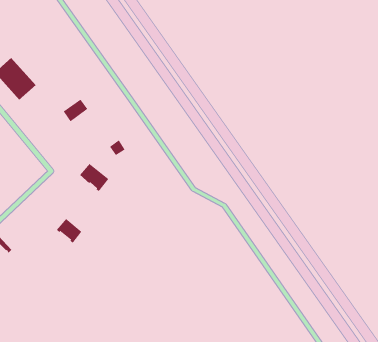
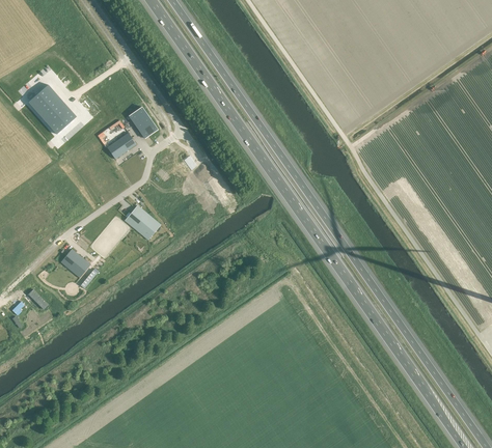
building: none -> [128,106,157,138]
building: [56,218,82,243] -> [59,248,89,277]

